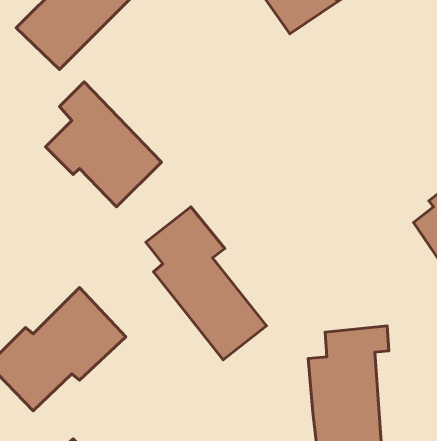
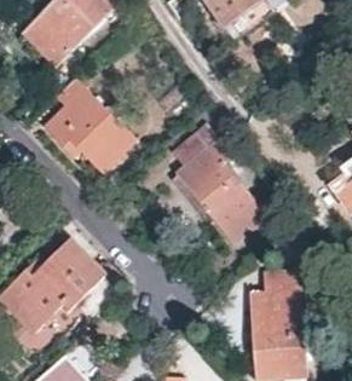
building: [146,207,266,360] -> [169,120,264,239]

